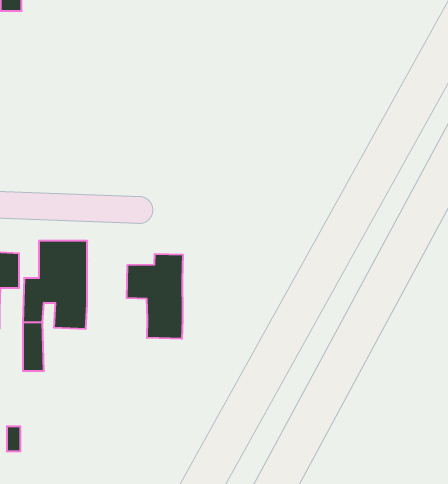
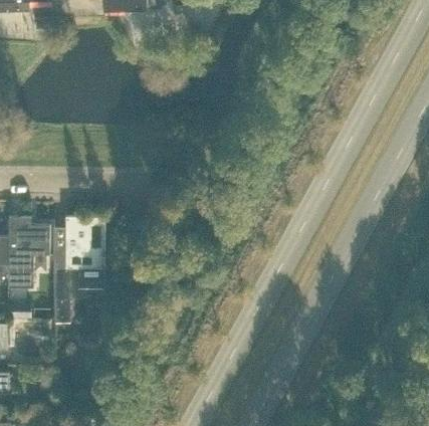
building: [127,254,183,339] -> none

